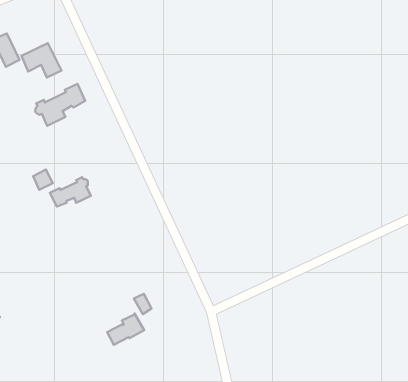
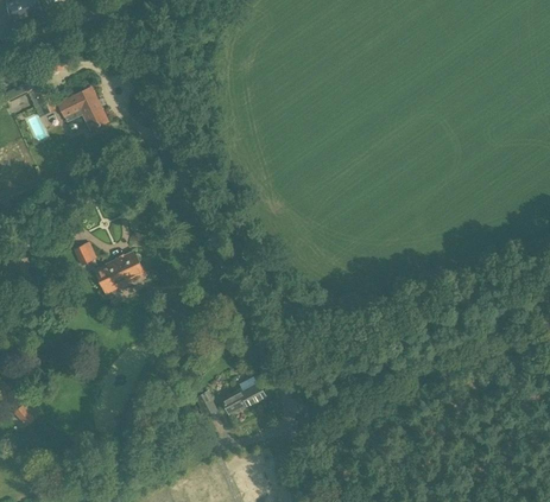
building: [35,84,85,126] -> none
building: [107,314,144,345] -> [221,376,266,414]

